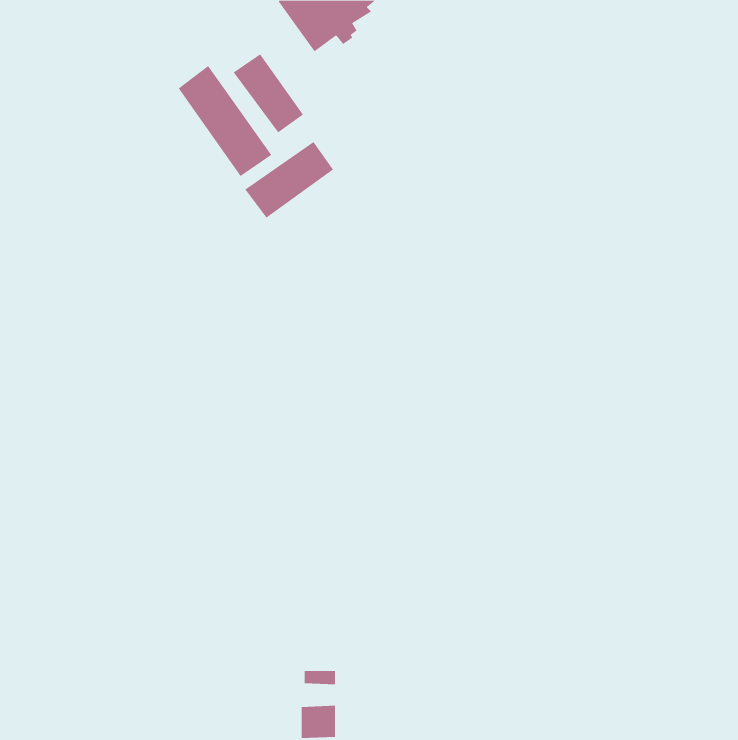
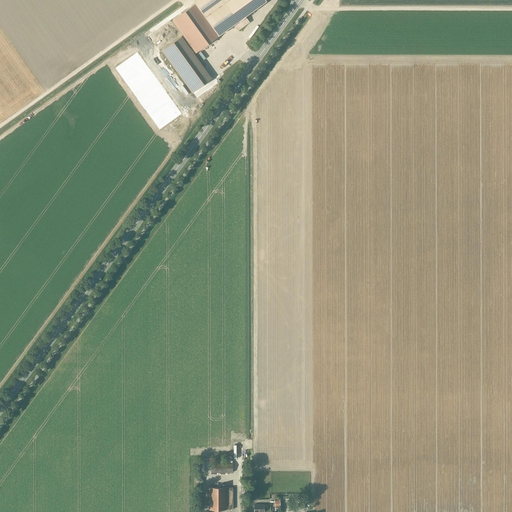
building: none -> [172,4,217,53]
building: [244,141,334,218] -> none

